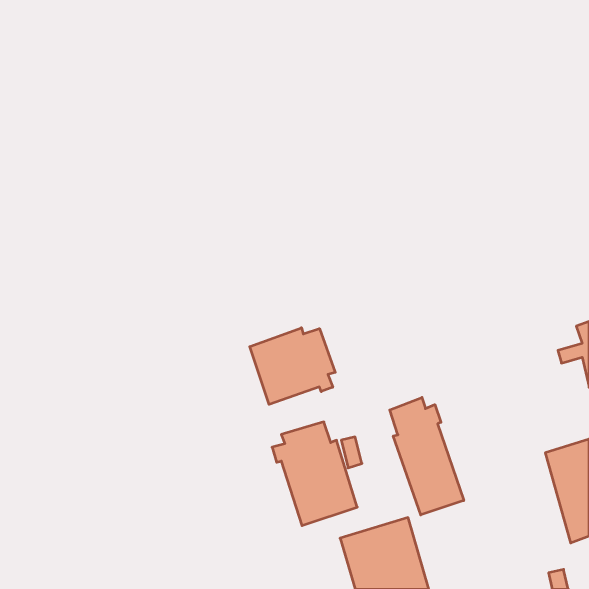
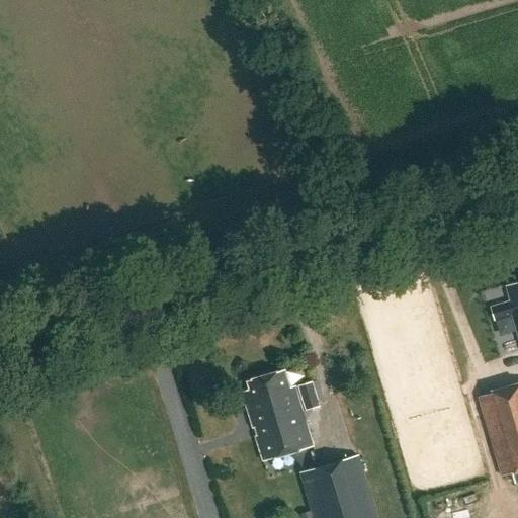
building: [250,328,335,404] -> none
building: [390,397,464,515] -> none

